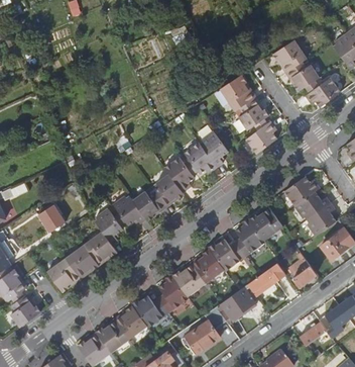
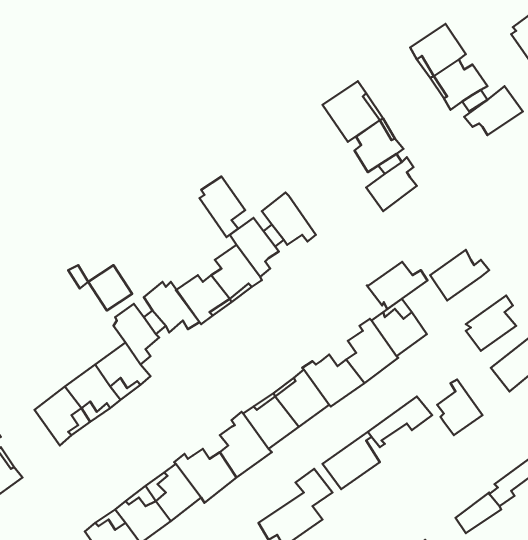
building: [200,129,227,166] -> [200,176,245,237]
building: [293,191,330,219] -> [367,262,428,309]
building: [39,204,66,232] -> [88,265,132,311]

